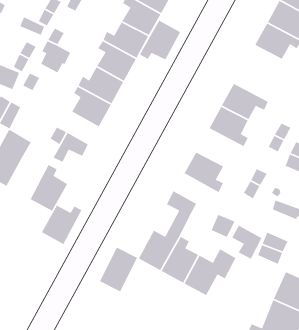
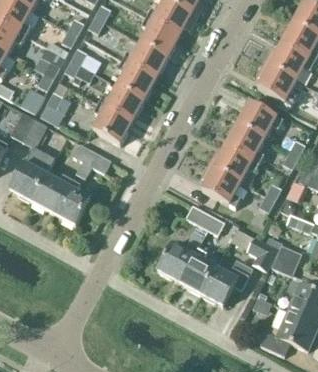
building: [139,19,181,61] -> none
building: none -> [257,64,296,104]
building: none -> [213,144,259,180]
building: [41,205,83,245] -> [31,173,71,212]
building: [99,247,138,292] -> none

